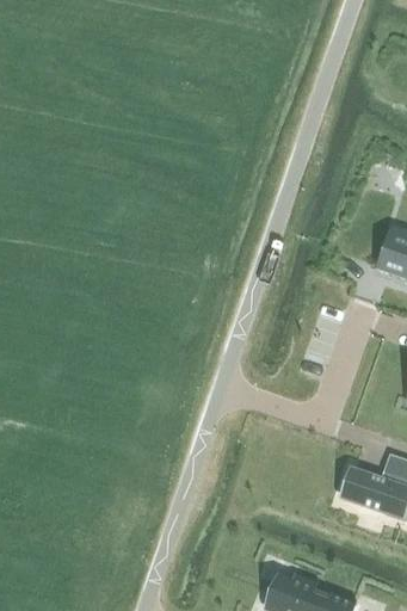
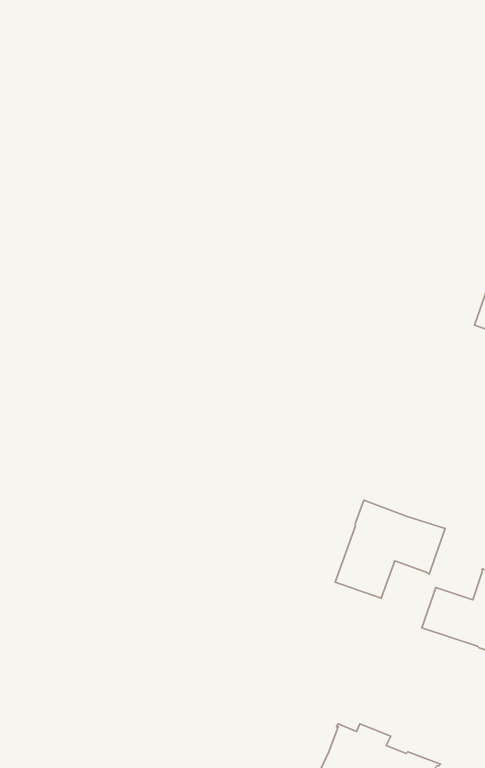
building: none -> [335,500,445,598]

